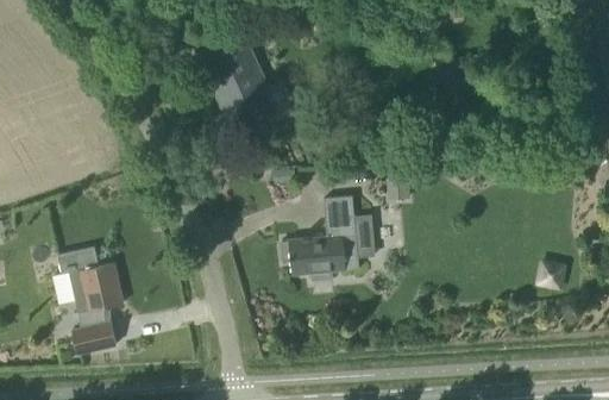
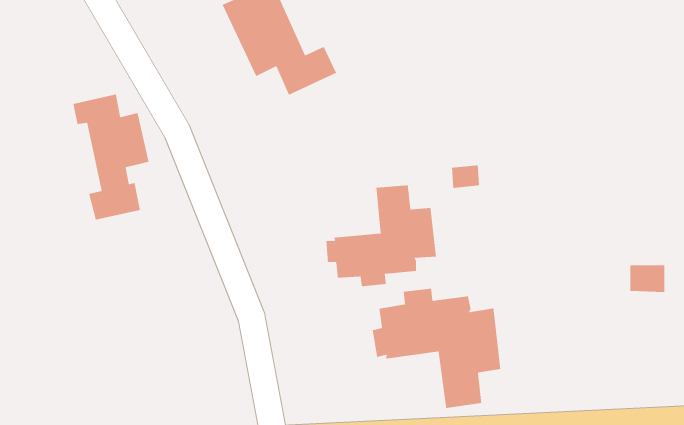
building: [58,248,123,354] -> [72,94,149,221]
building: none -> [372,288,501,409]

